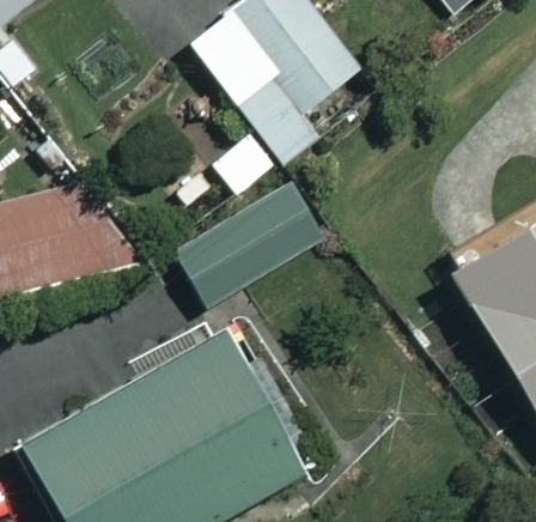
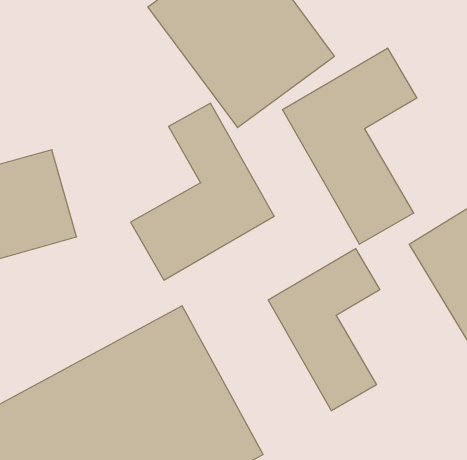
building: none -> [283,48,417,244]
building: none -> [268,249,380,411]

